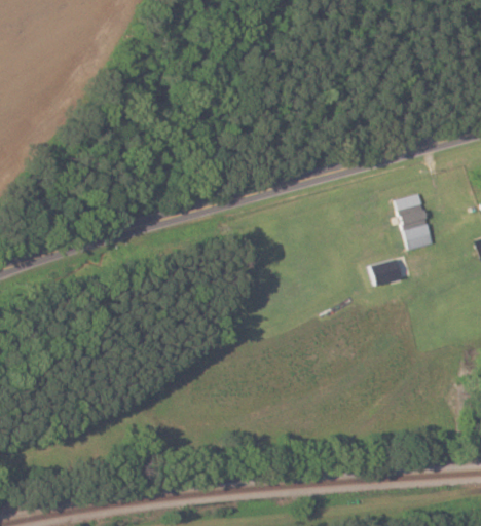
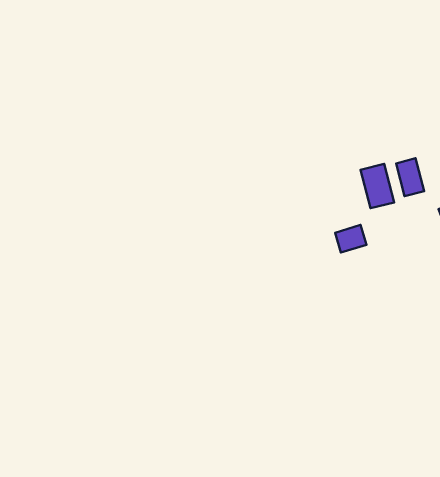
building: none -> [396,158,424,196]

